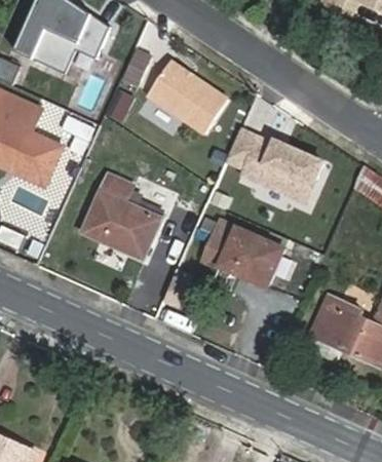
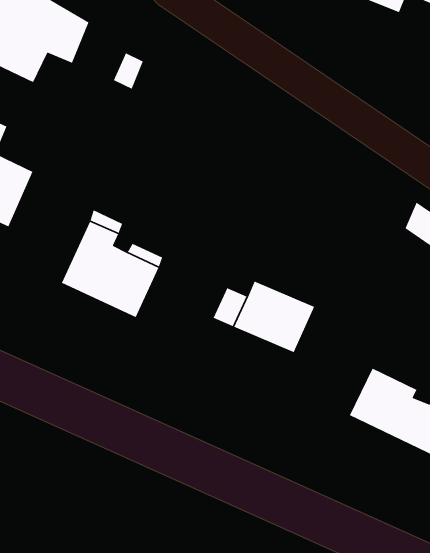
building: [147,59,227,130] -> none
building: [223,124,329,211] -> none

